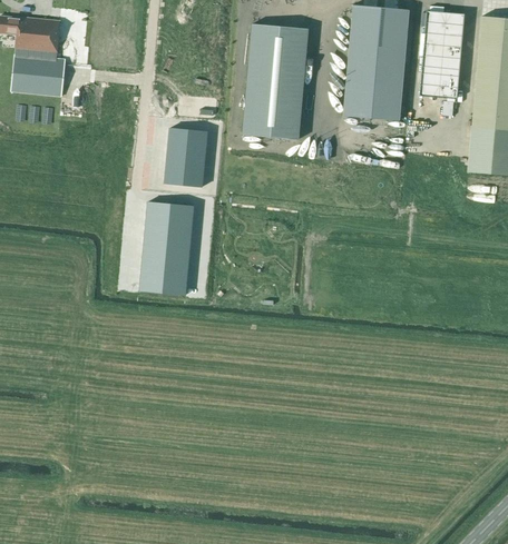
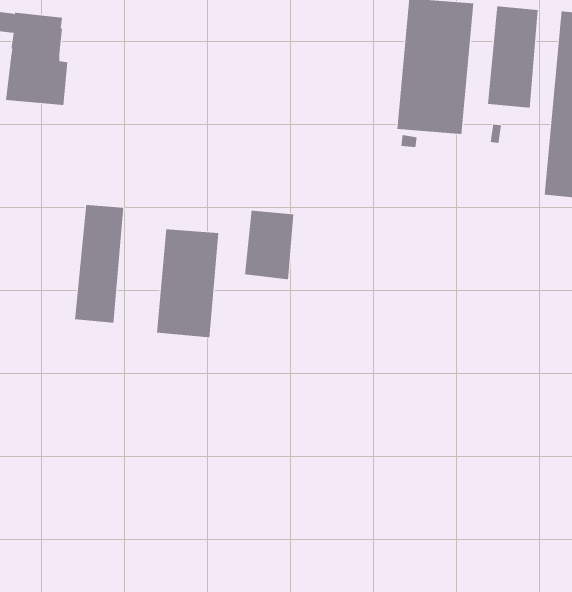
building: [243,24,309,139] -> none
building: [165,128,207,187] -> [244,210,294,280]
building: none -> [75,204,124,323]

